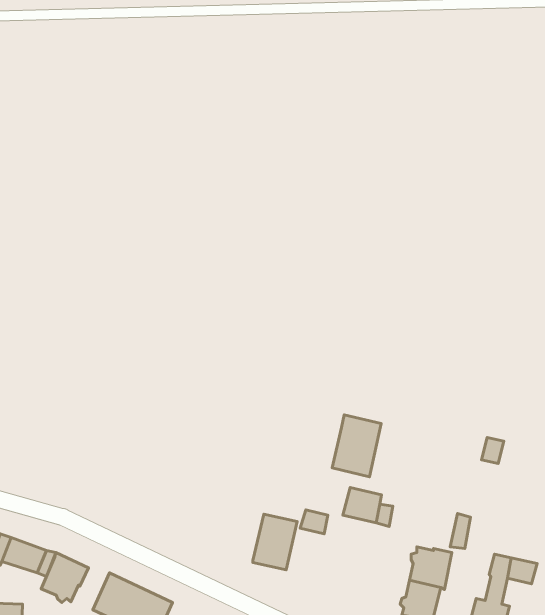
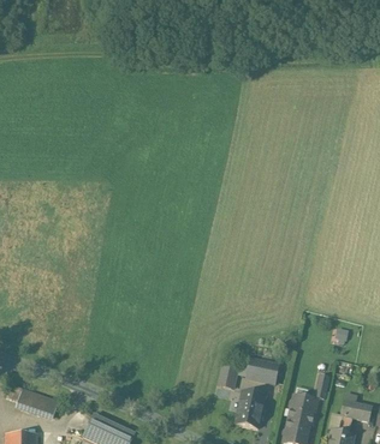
building: [332,415,381,477] -> none
building: [253,514,297,570] -> [236,391,265,427]
building: [41,553,88,602] -> none

